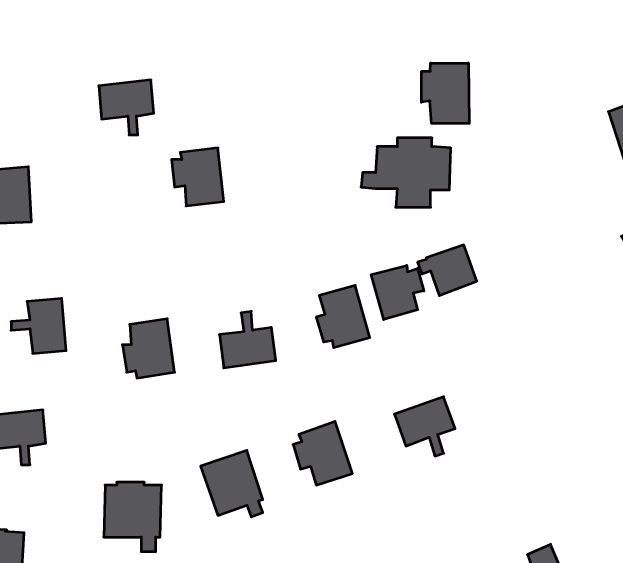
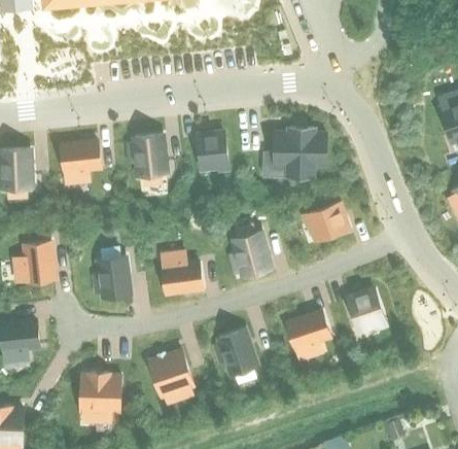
building: [421,63,469,123] -> none
building: [99,80,154,135] -> [62,142,101,181]
building: none -> [198,135,228,172]
building: [371,265,424,320] -> none
building: none -> [349,291,386,329]

